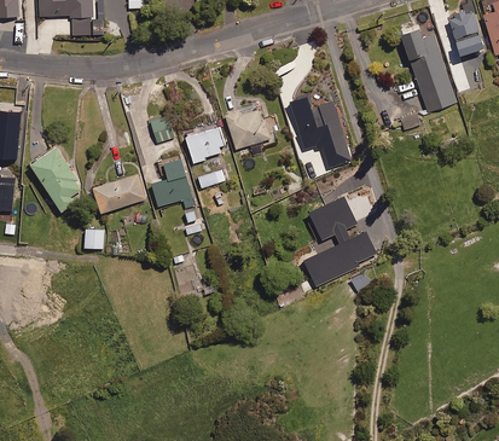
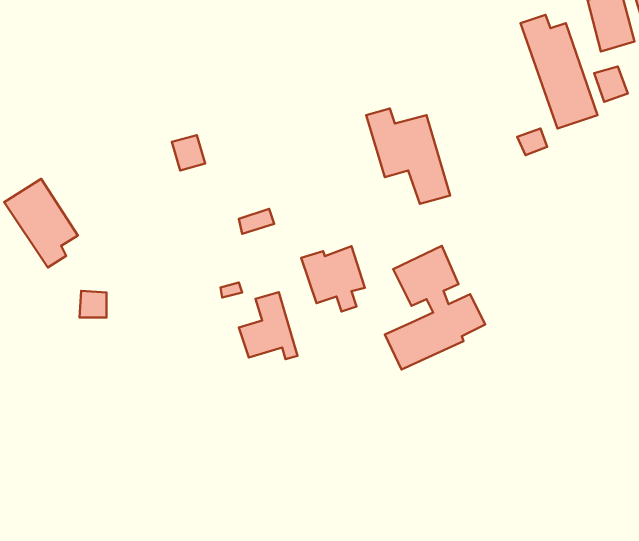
building: [225,109,271,156] -> [301,246,365,311]
building: [187,128,225,162] -> none
building: [152,159,195,208] -> [239,292,297,359]
building: [93,175,146,214] -> none

